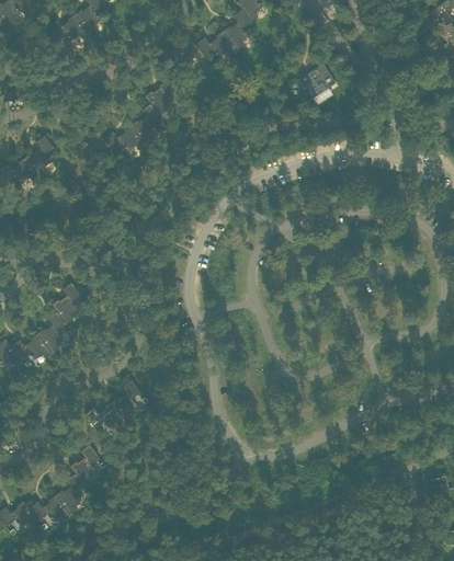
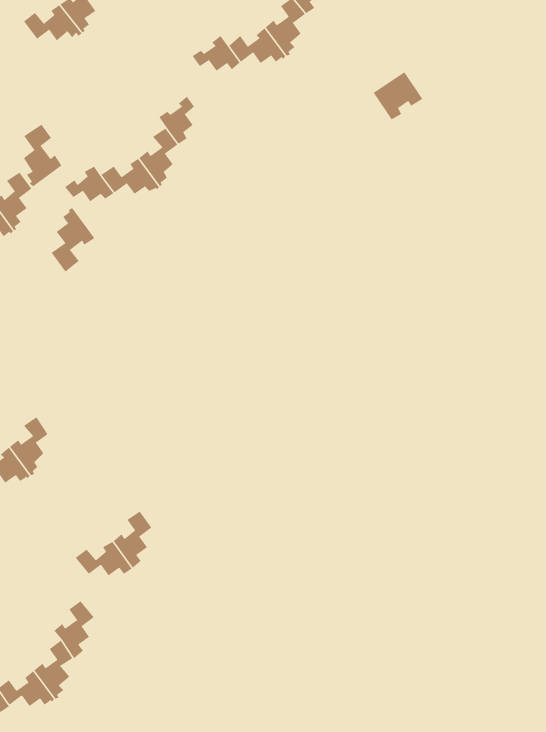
building: none -> [23,124,62,187]
building: none -> [51,207,95,273]
building: [50,283,79,325] -> none

